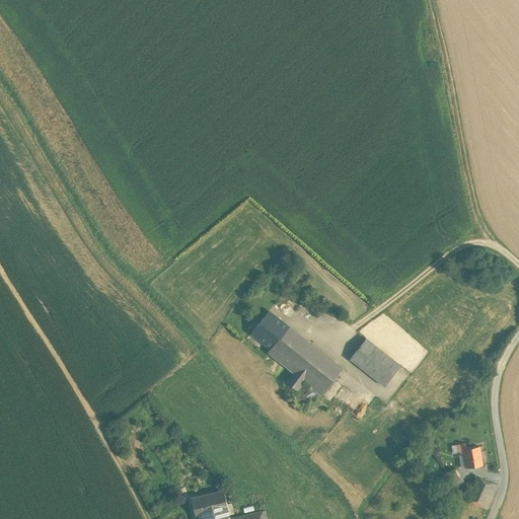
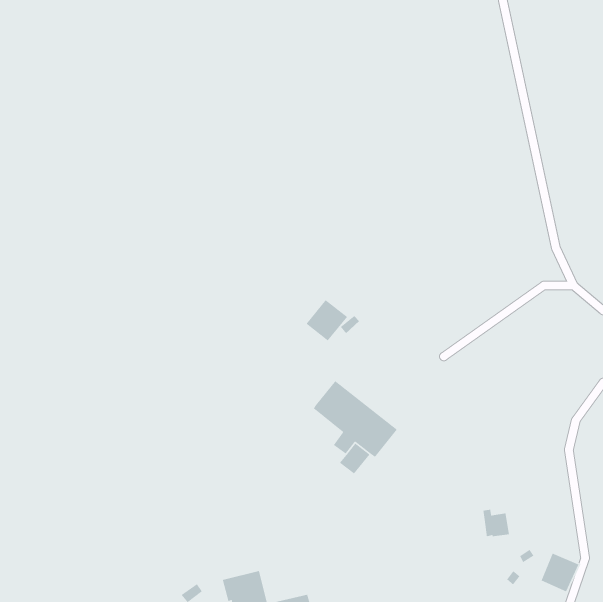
building: [251,312,288,349] -> [306,299,348,342]
building: [350,339,400,386] -> none
building: [458,444,481,468] -> [483,509,510,537]

